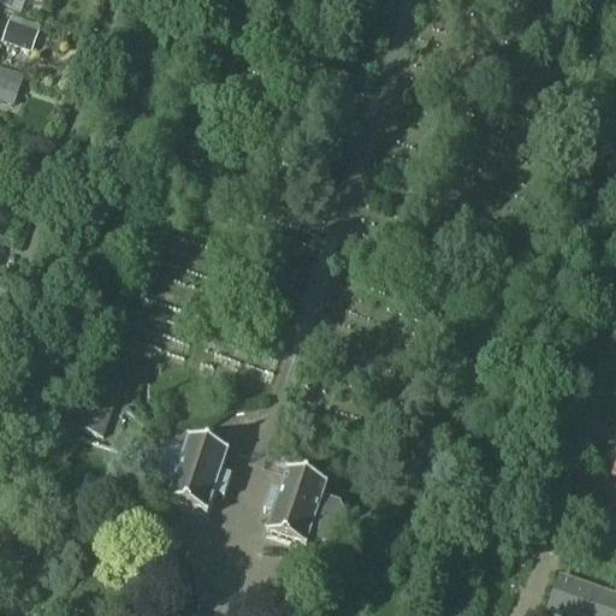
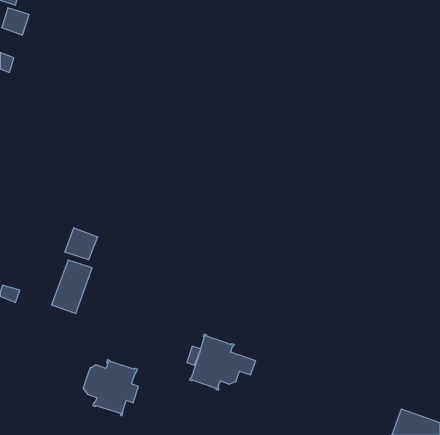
building: none -> [65,228,98,260]
building: [152,434,229,513] -> [83,360,138,416]

